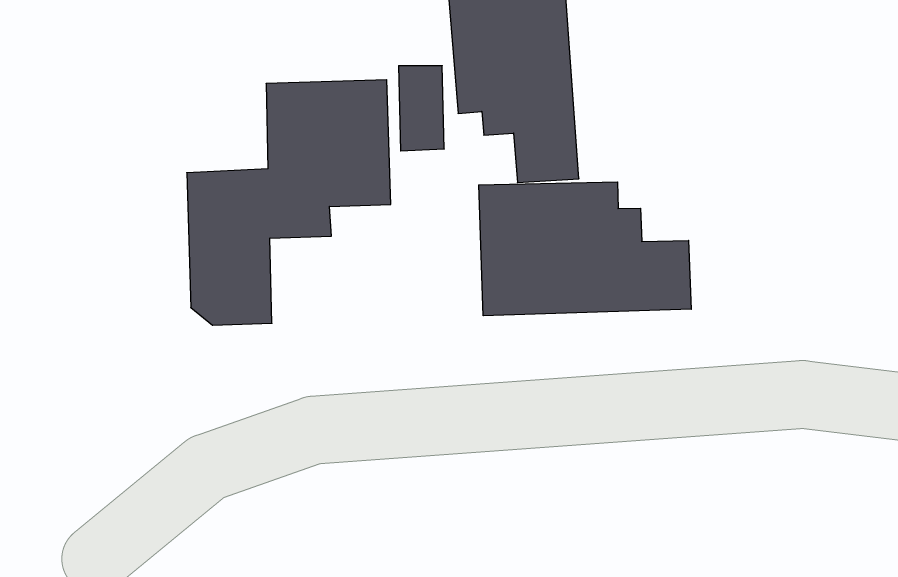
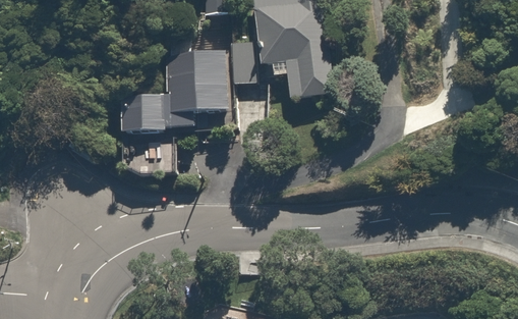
building: [479,182,691,316] -> none

